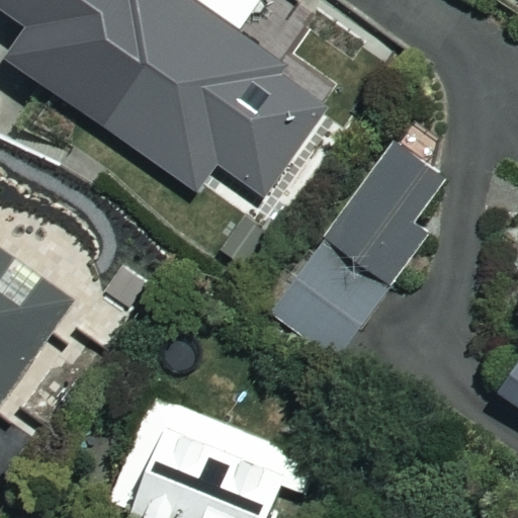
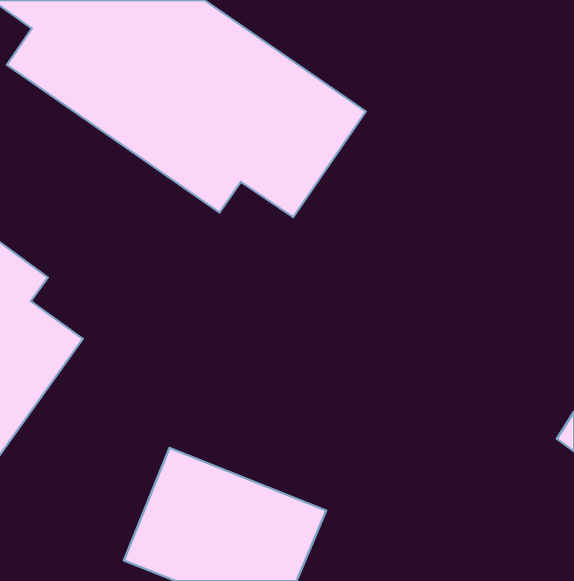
building: [268,139,450,372] -> none

